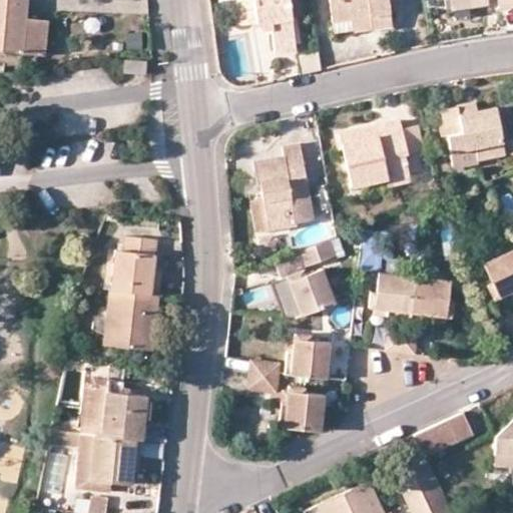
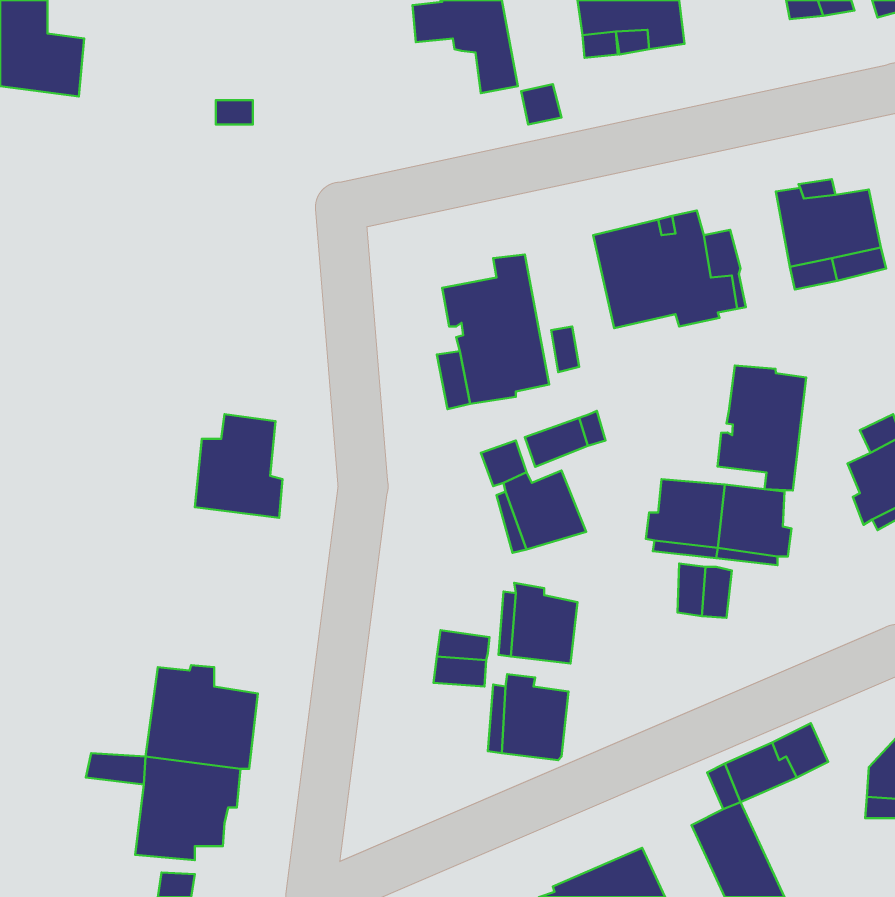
building: none -> [717,365,806,490]
building: [106,290,160,350] -> none

